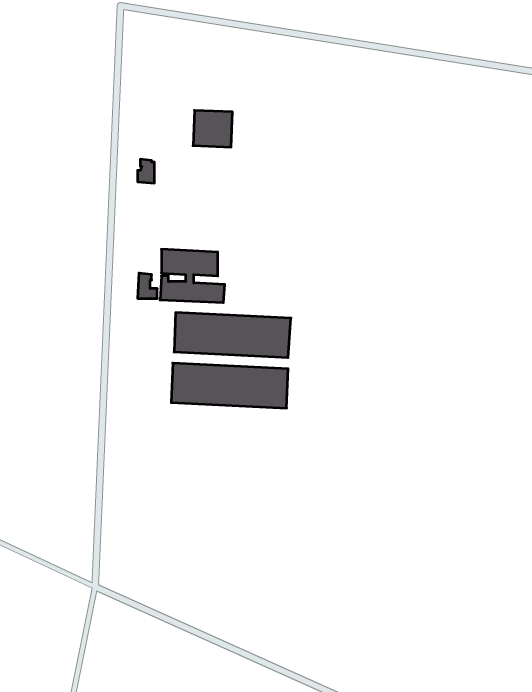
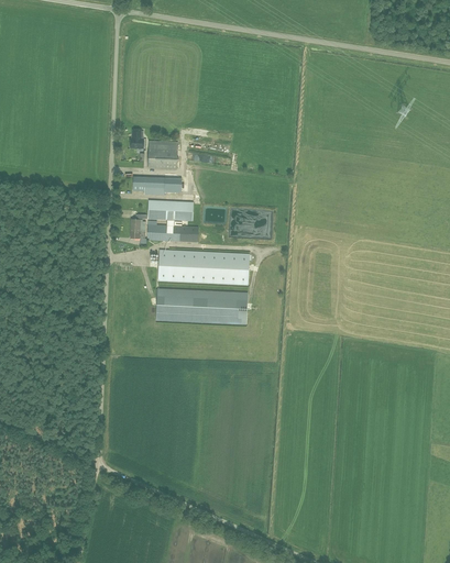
building: [193,110,232,147] -> [147,140,178,168]
building: none -> [132,176,165,194]

